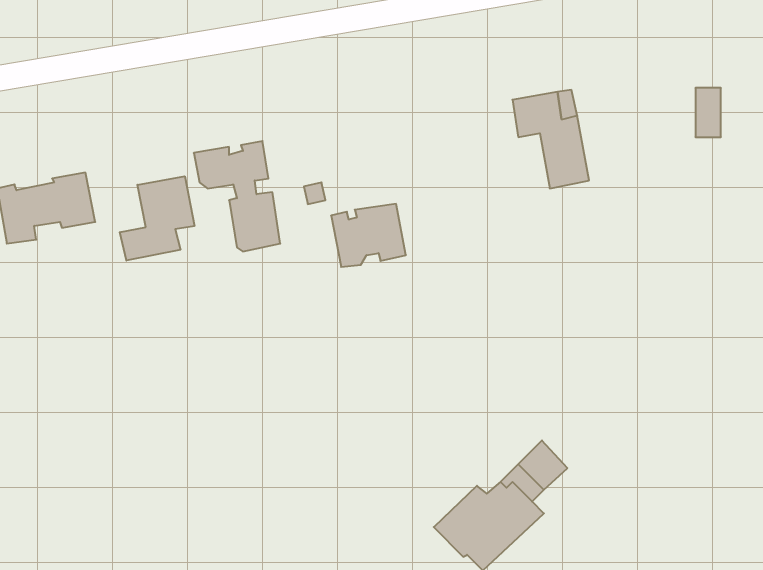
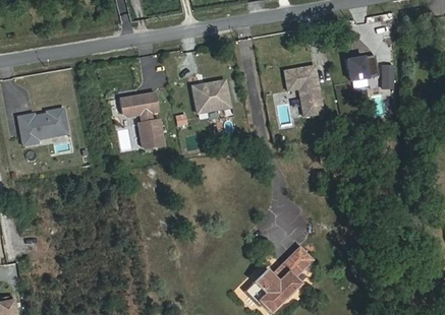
building: none -> [347,54,379,80]
building: [120,176,194,261] -> none
building: [331,204,406,267] -> [191,79,230,112]

